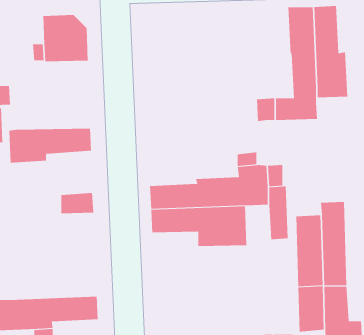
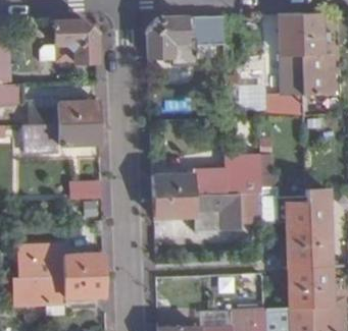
building: none -> [146,14,223,64]
building: none -> [30,99,98,123]
building: none -> [31,253,104,277]

